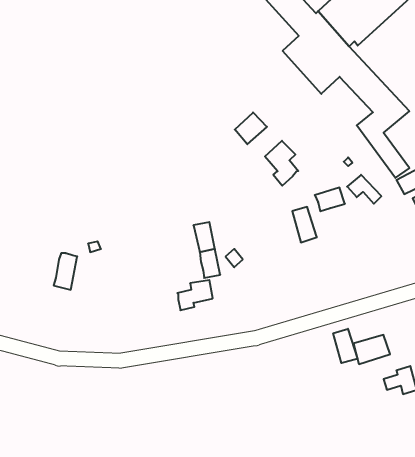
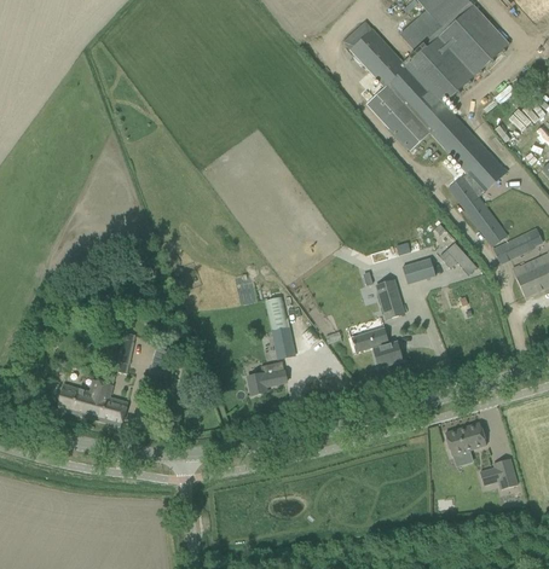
building: [235,112,267,144] -> none
building: [265,141,298,186] -> none
building: none -> [352,326,401,366]
building: none -> [57,378,127,425]
building: [333,329,357,363] -> none

